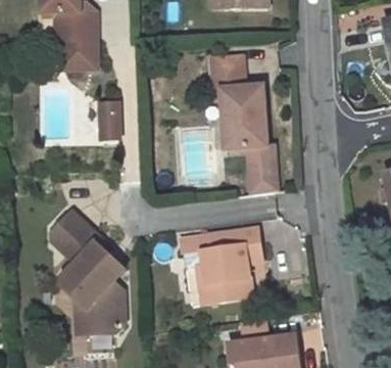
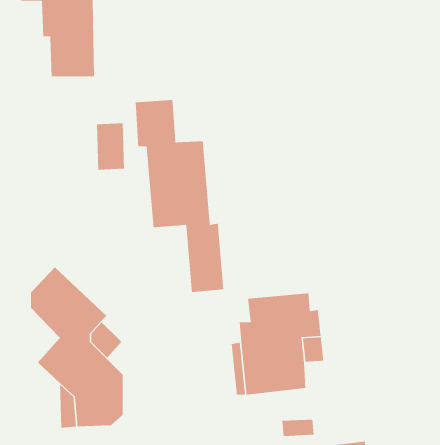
building: [212,50,279,194] -> [135,99,224,293]

